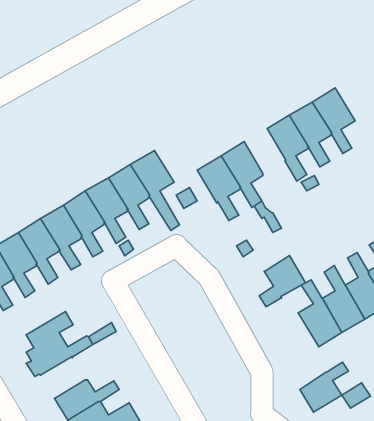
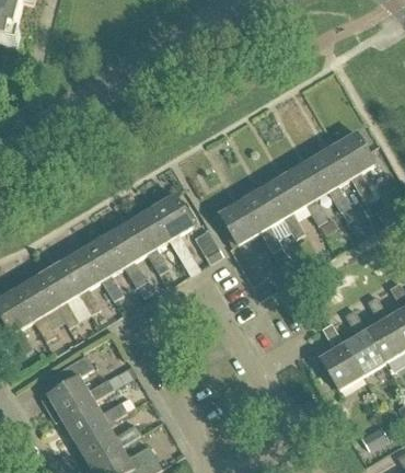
building: none -> [264,172,305,238]
building: [259,256,306,307] -> none
building: none -> [60,400,126,441]
building: [300,362,348,412] -> none

